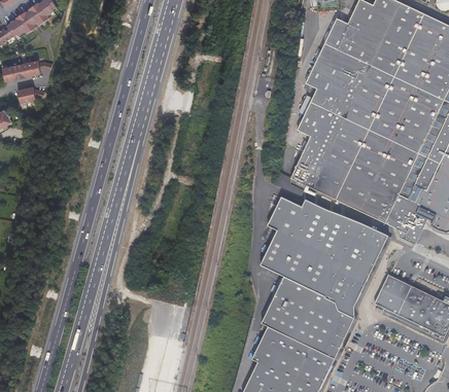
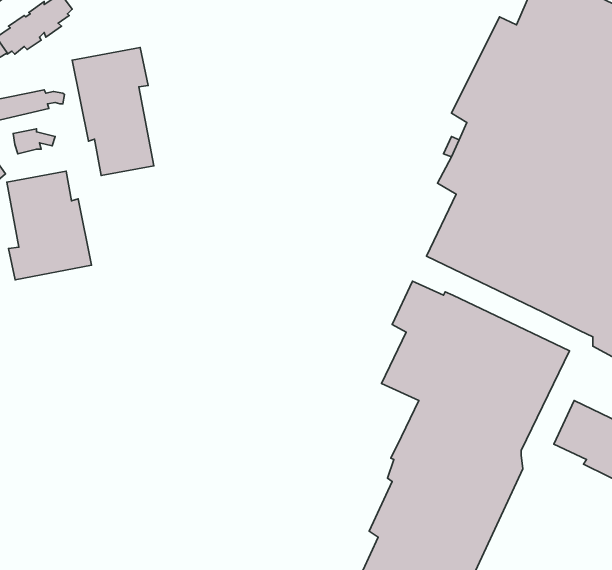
building: none -> [72,47,154,175]
building: none -> [7,171,92,280]

